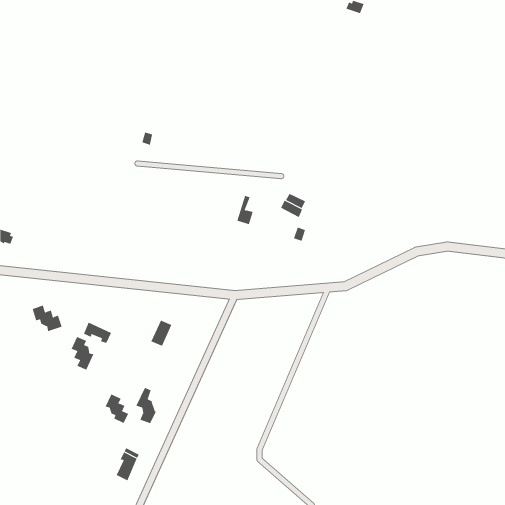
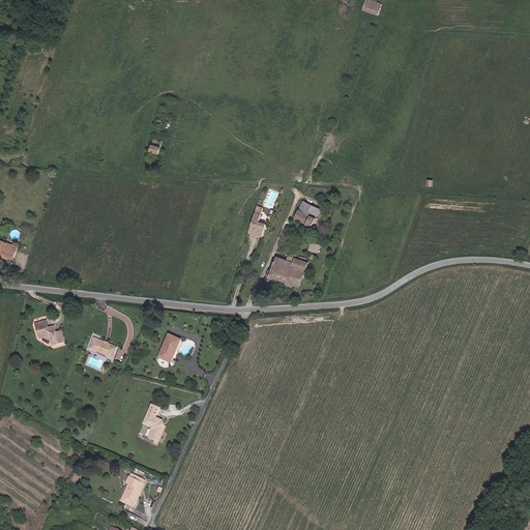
building: none -> [266,255,306,286]
building: [71,336,94,371] -> none
building: [105,394,129,424] -> none

